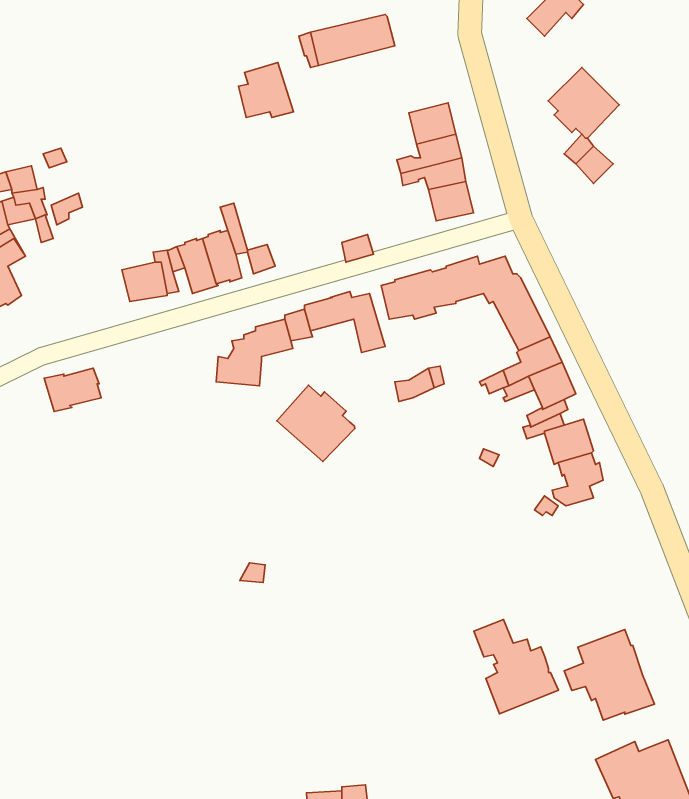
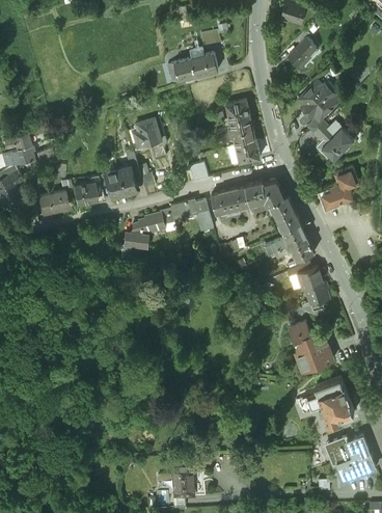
building: [238,63,293,118] -> [133,119,162,148]
building: none -> [321,127,354,160]
building: none -> [318,166,358,210]
building: [44,368,101,411] -> [38,193,69,216]
building: [277,385,355,462] -> none
building: [474,619,558,714] -> [289,322,333,372]

